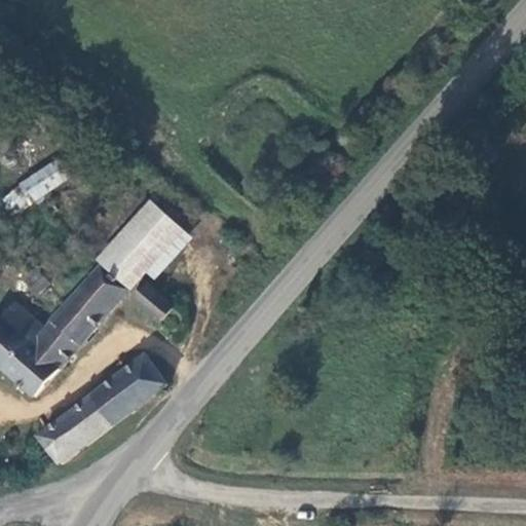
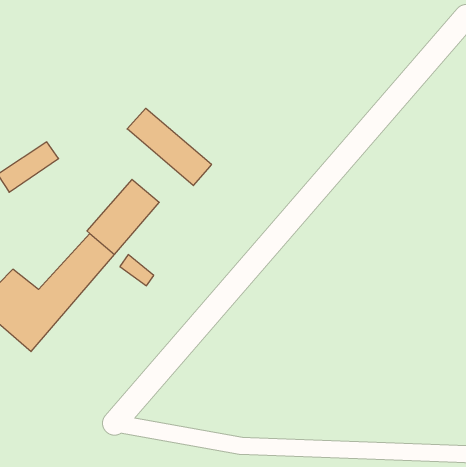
building: none -> [127,108,211,186]
building: [43,356,164,459] -> none

